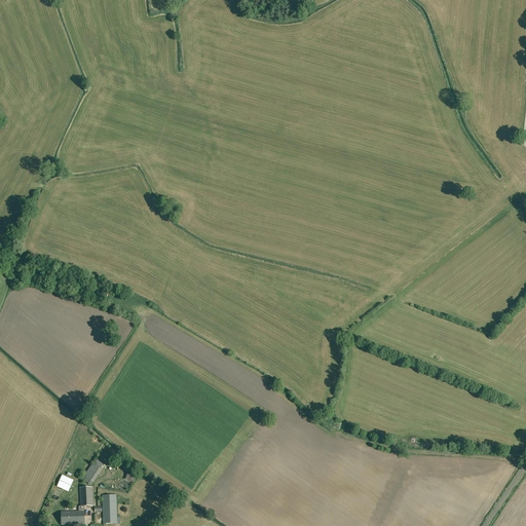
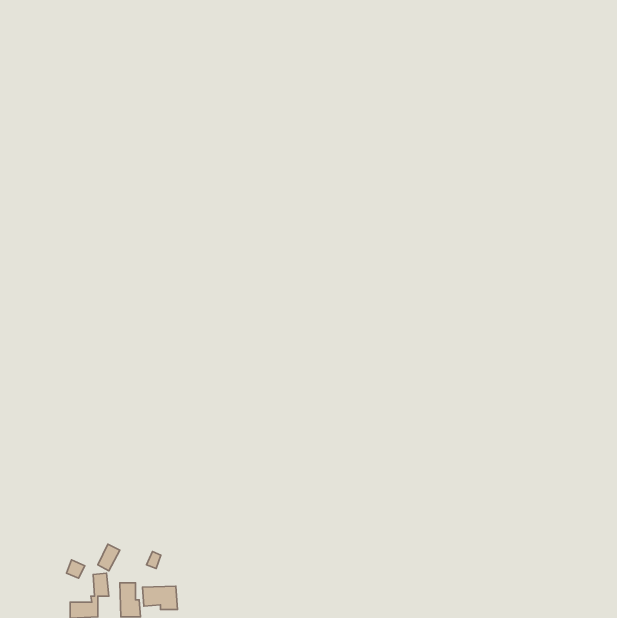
building: none -> [142,586,177,610]

